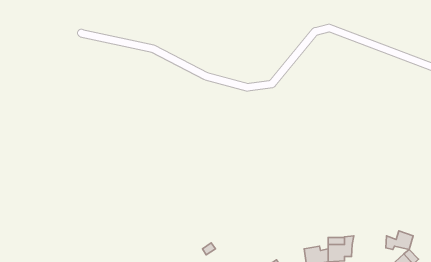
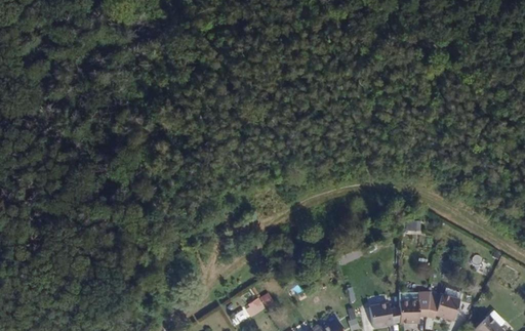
building: [386,231,413,250] -> [427,295,459,318]

